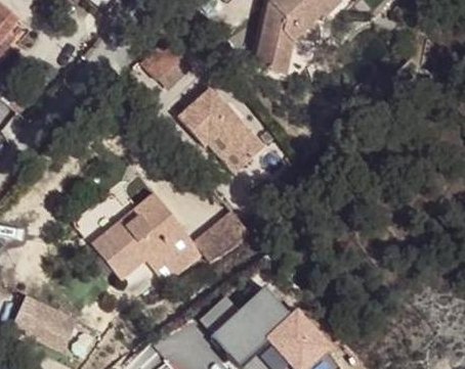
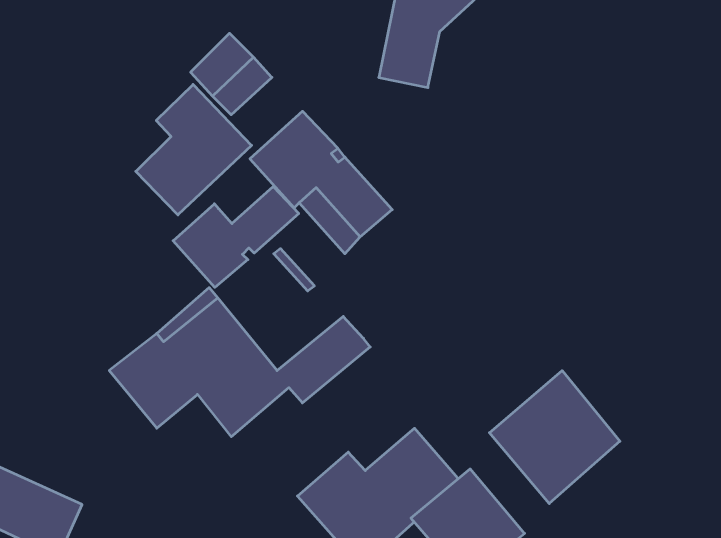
building: none -> [136,84,252,215]
building: none -> [173,187,299,287]
building: none -> [489,371,620,504]

